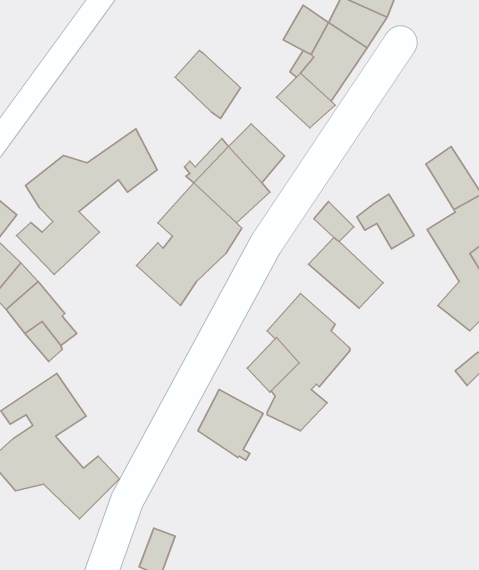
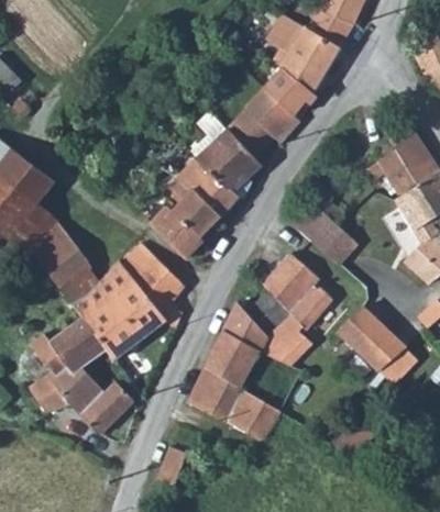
building: [175,51,241,119] -> [244,87,298,143]
building: [16,129,157,274] -> none
building: [357,194,414,249] -> [366,147,414,192]
building: none -> [82,247,186,364]
building: none -> [220,300,266,349]
building: none -> [340,304,419,383]
building: none -> [185,364,276,437]

